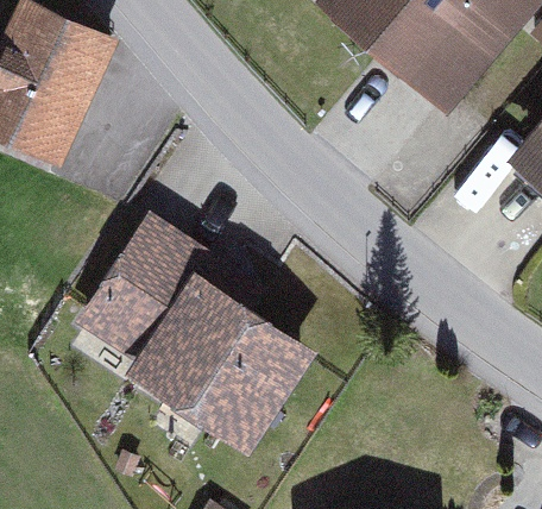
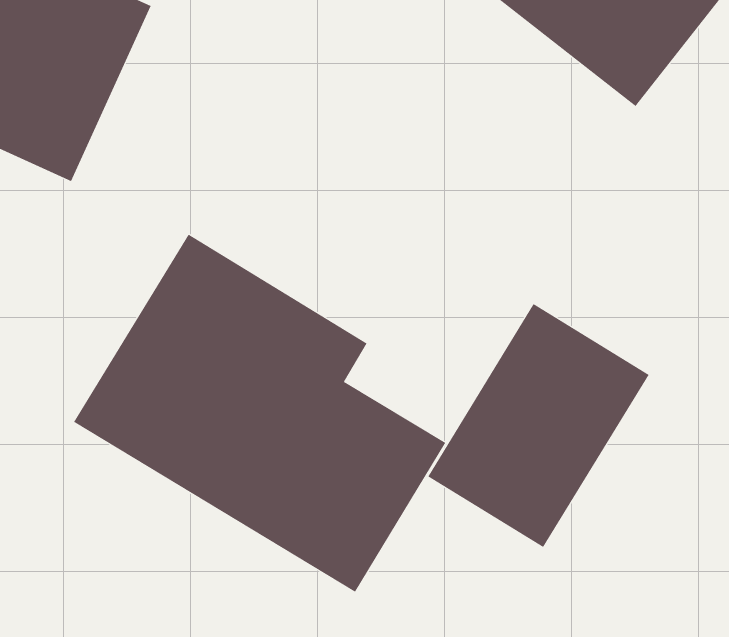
building: none -> [427,303,649,548]

